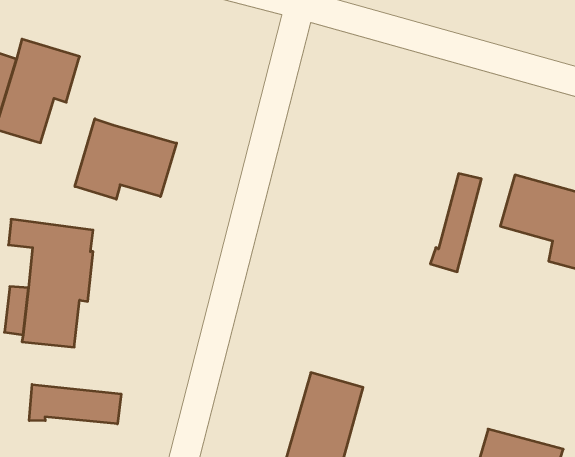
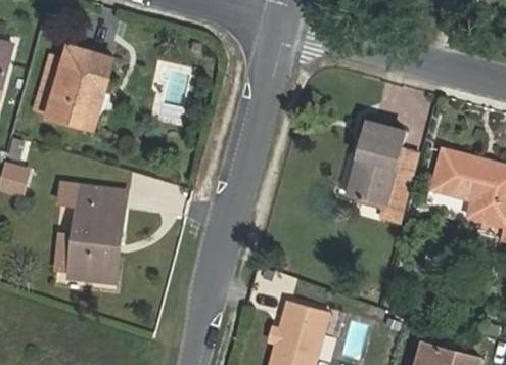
building: [75,119,177,199] -> none
building: none -> [349,122,405,206]
building: [29,384,121,424] -> none

